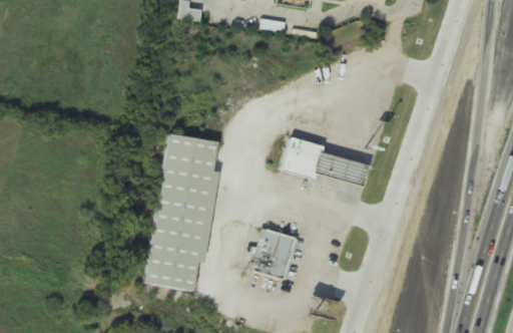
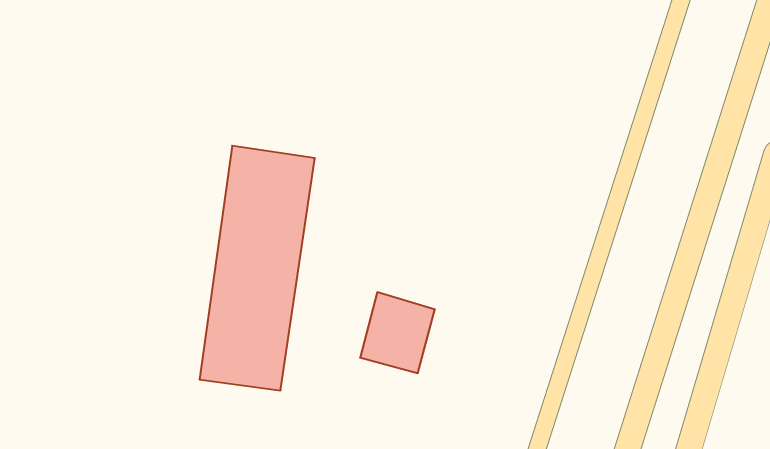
building: [282,130,365,179] -> none

